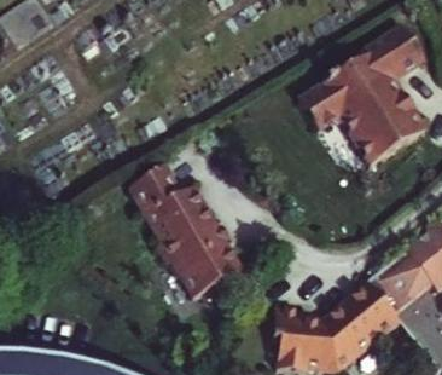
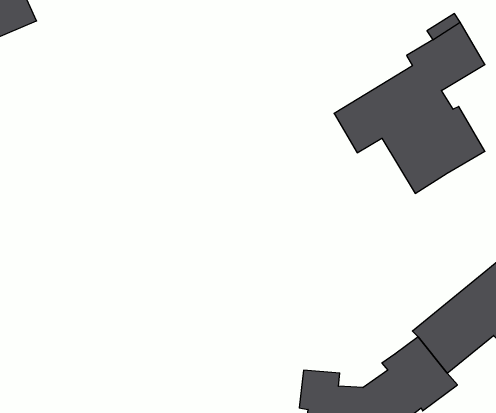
building: [127,169,243,300] -> none

